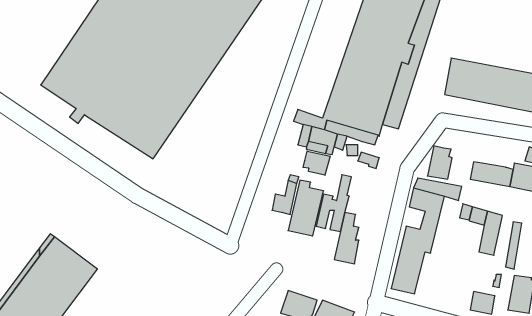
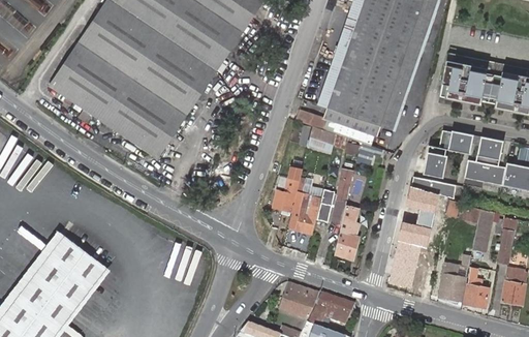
building: none -> [439,129,474,153]
building: none -> [476,135,504,165]
building: [303,151,330,175] -> none
building: none -> [438,247,473,300]

